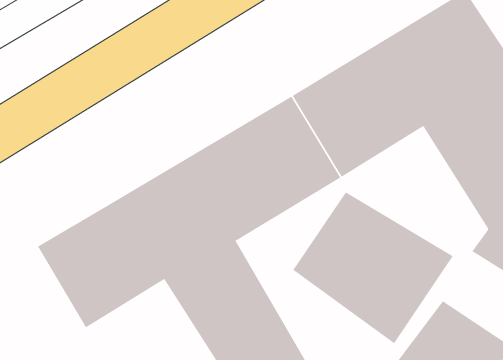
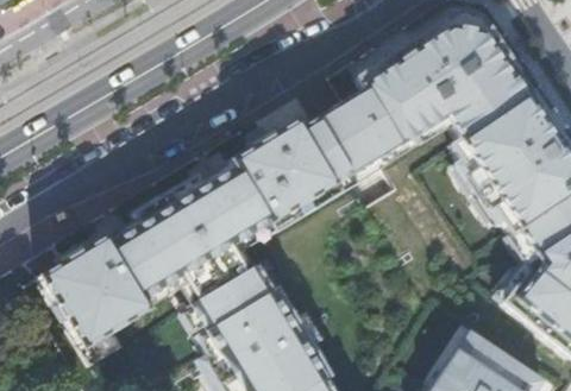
building: [293,192,453,344] -> none

